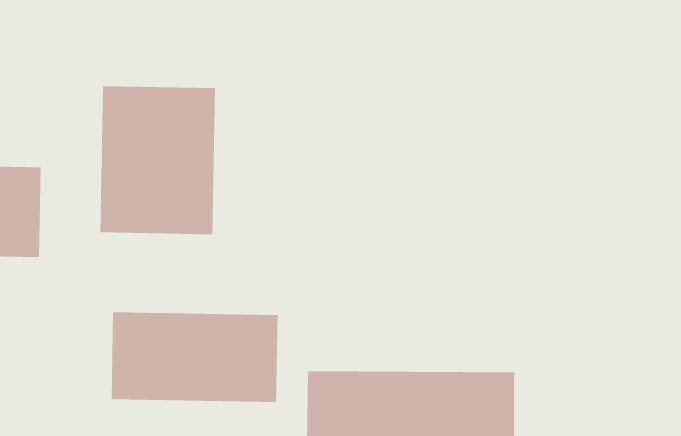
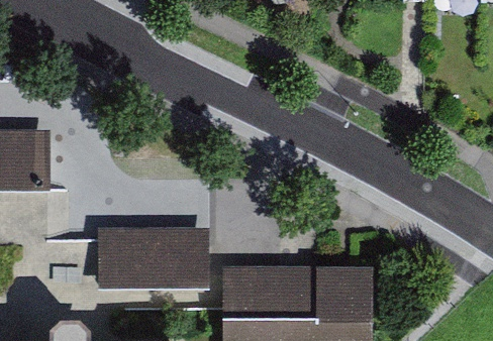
building: [100,85,215,235] -> none

